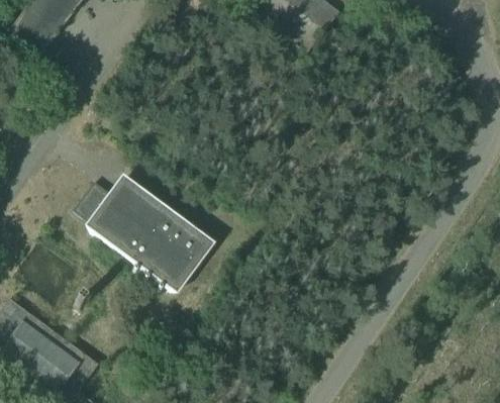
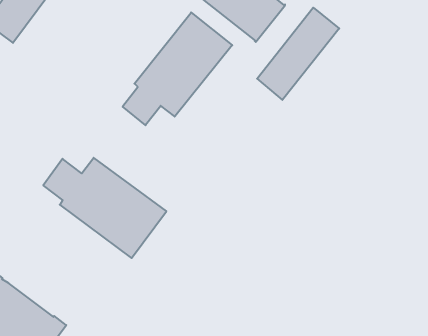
building: none -> [257,8,339,100]
building: none -> [123,12,232,125]

